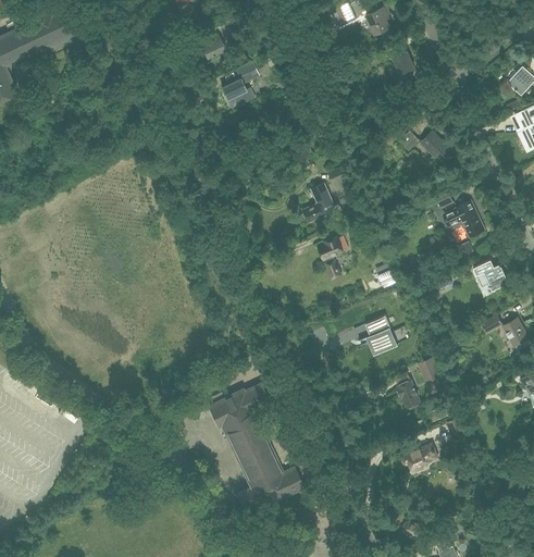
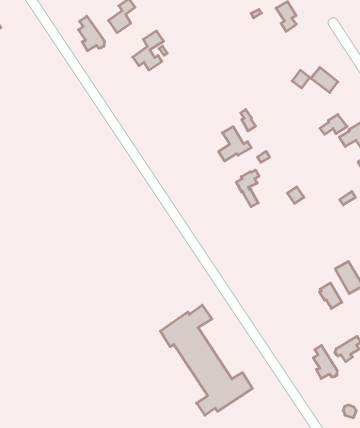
building: none -> [78,16,104,51]
building: [365,315,398,355] -> none
building: none -> [313,345,337,379]

